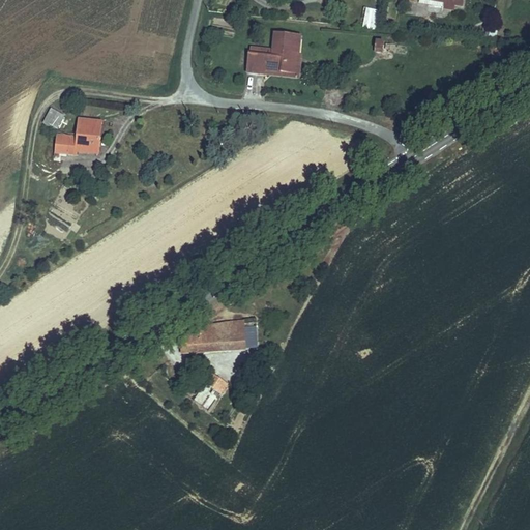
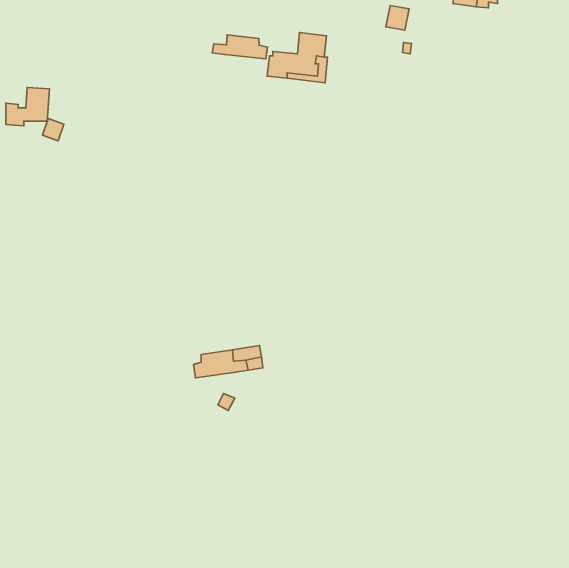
building: none -> [212,35,267,59]
building: [58,118,98,153] -> [6,88,49,126]

